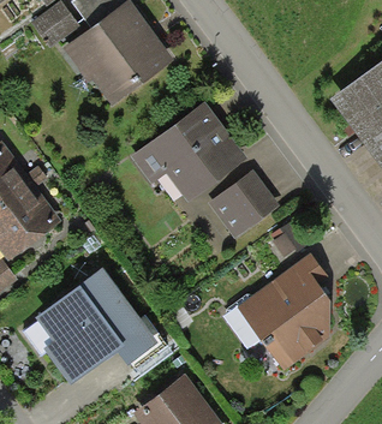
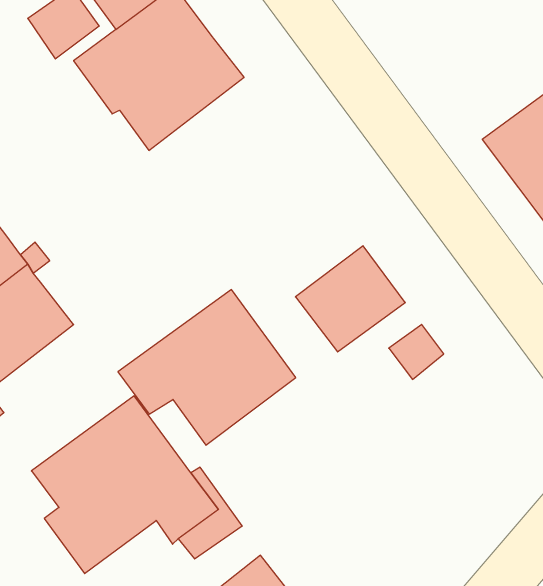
building: [131,100,247,202] -> [118,290,296,445]
building: [238,253,330,371] -> none

